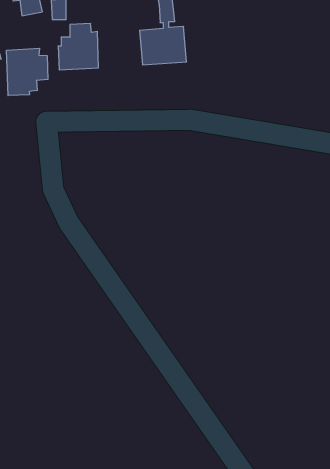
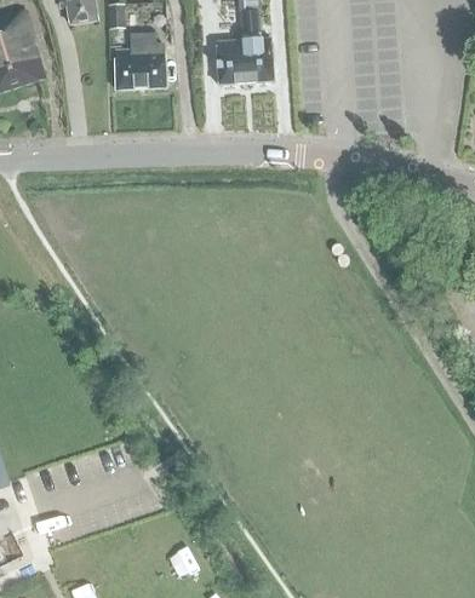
building: [7,48,48,96] -> none

